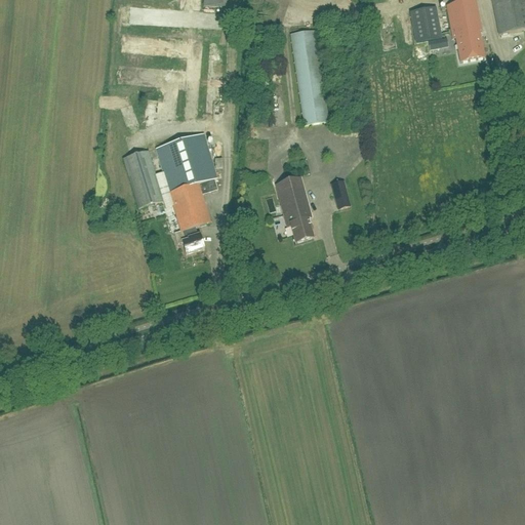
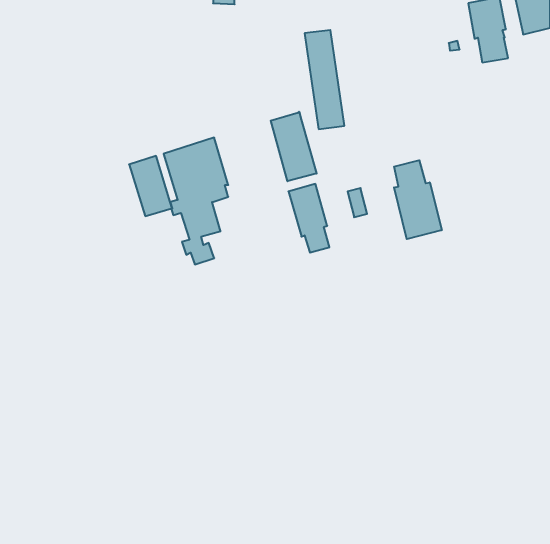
building: [409,5,441,40] -> none
building: none -> [271,112,317,181]
building: none -> [394,160,442,239]

